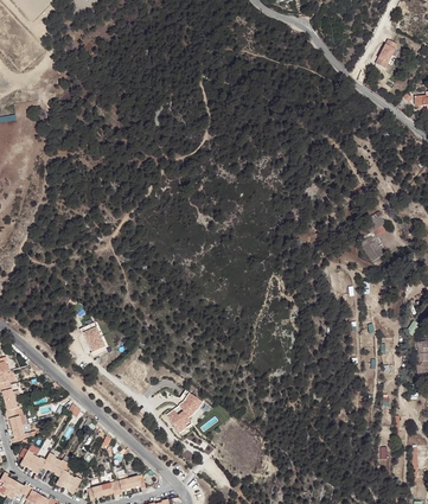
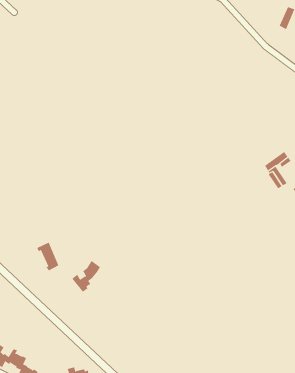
building: [167,391,203,430] -> [72,260,101,293]

